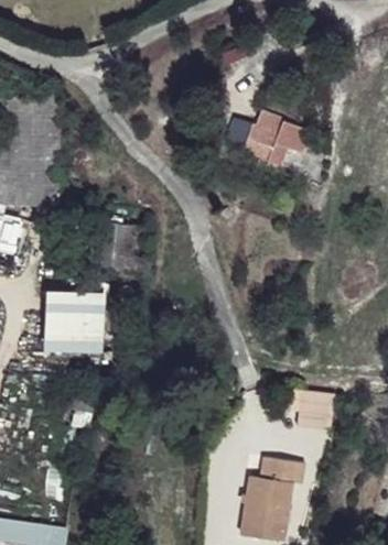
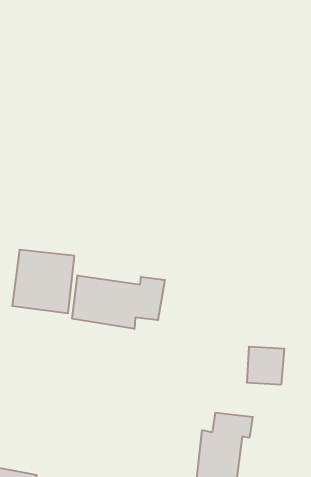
building: [225,111,306,161] -> none
building: none -> [72,275,165,329]

